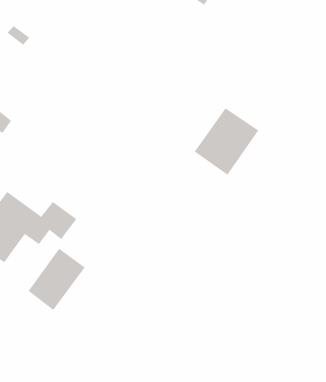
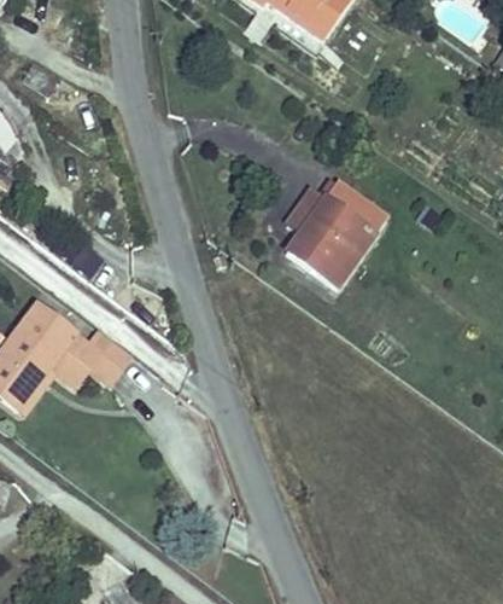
building: [28,248,85,311] -> none

